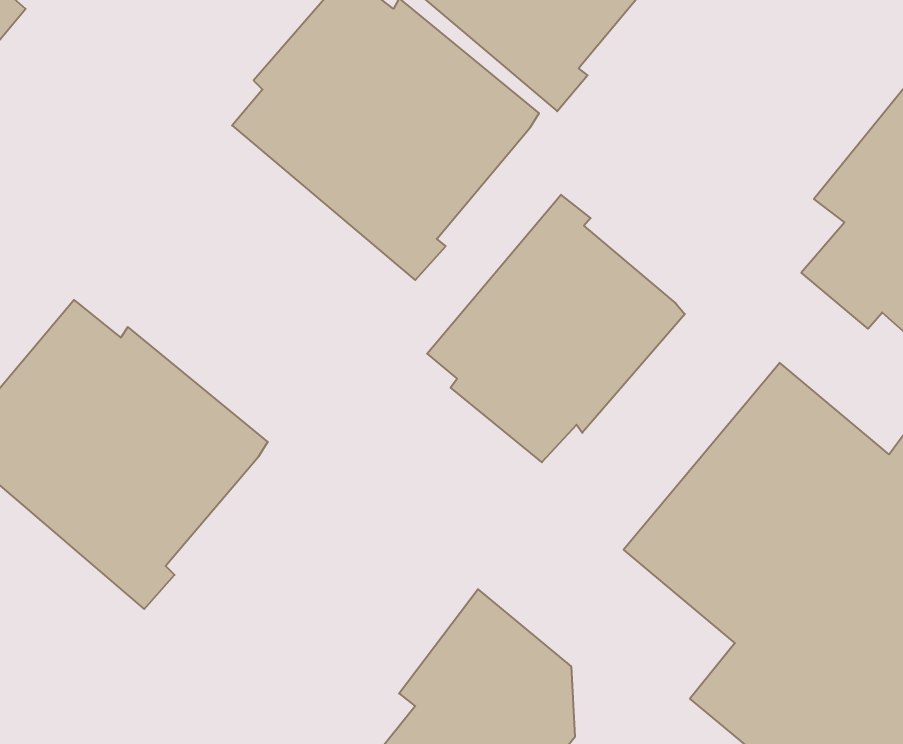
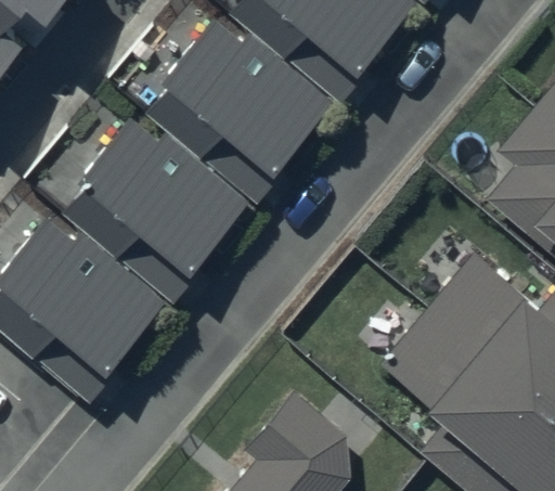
building: none -> [64,117,249,303]
building: [427,195,685,462] -> none

